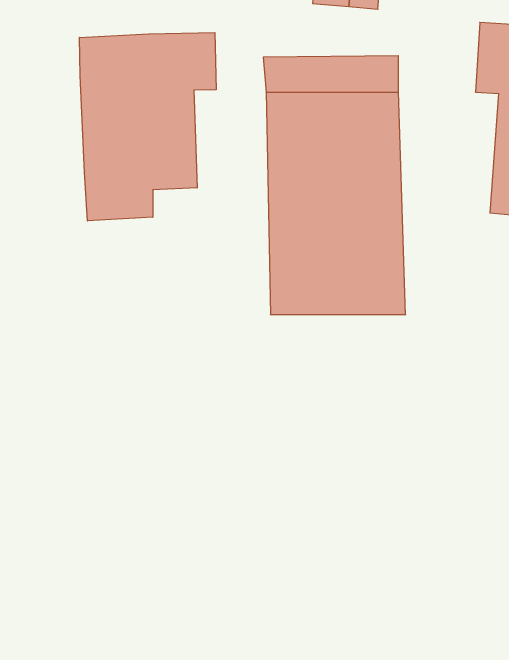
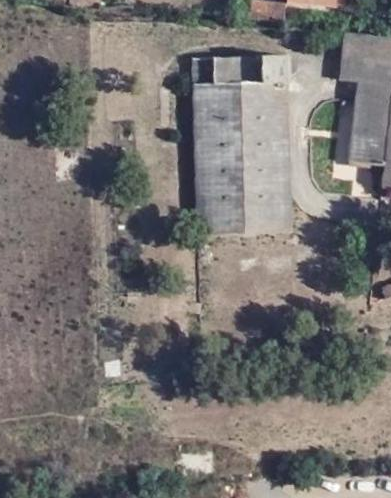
building: [79,33,216,221] -> none

